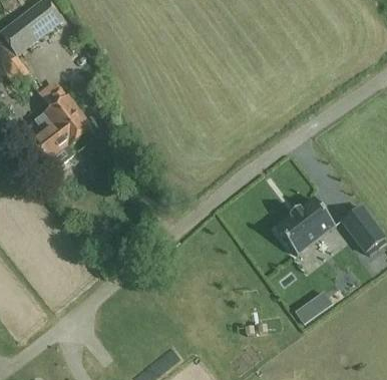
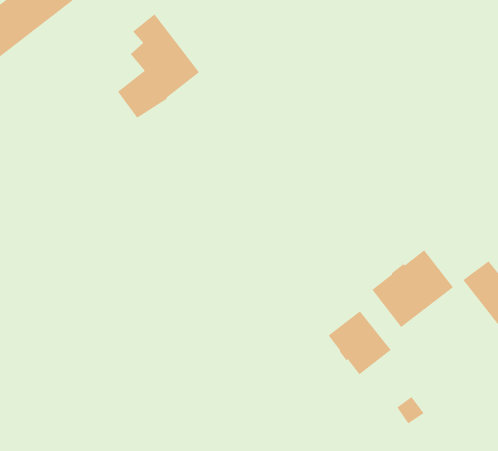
building: [32,85,91,160] -> [117,13,200,118]
building: none -> [328,310,392,375]

